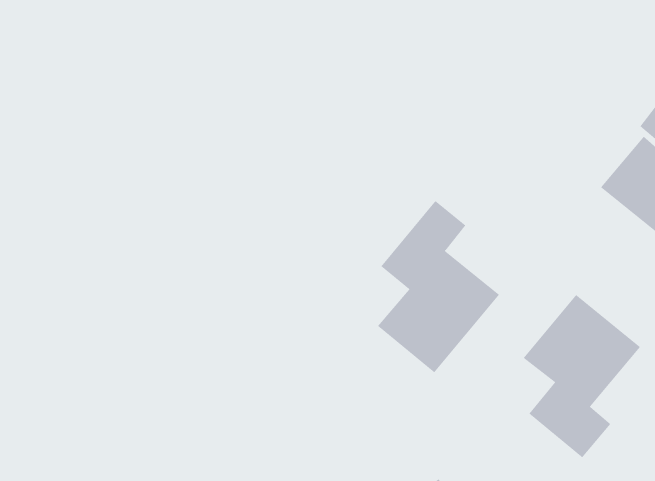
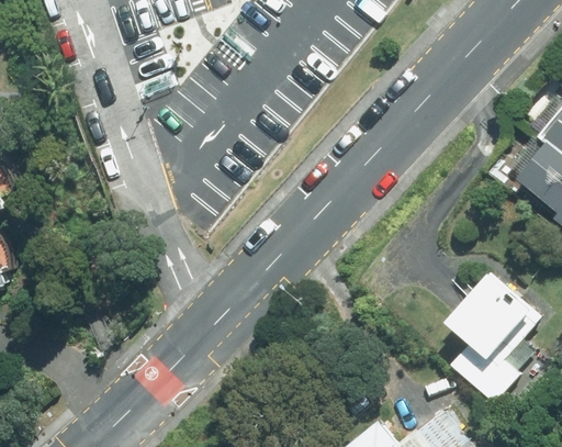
building: [377,200,500,373] -> none

